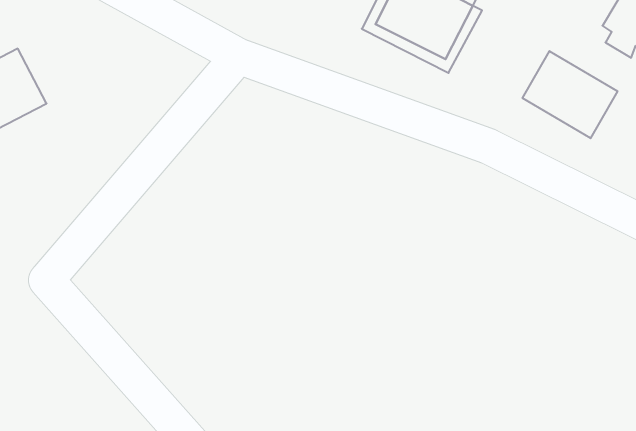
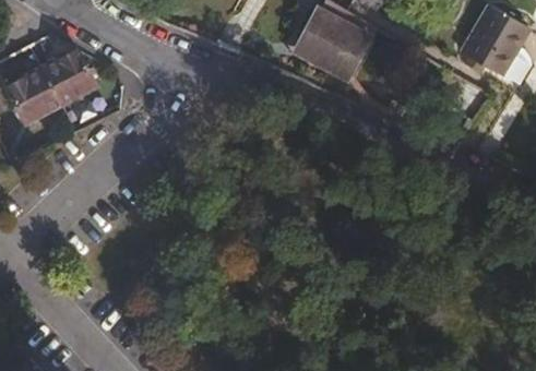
building: none -> [40,50,96,108]
building: [523,51,617,138] -> none

